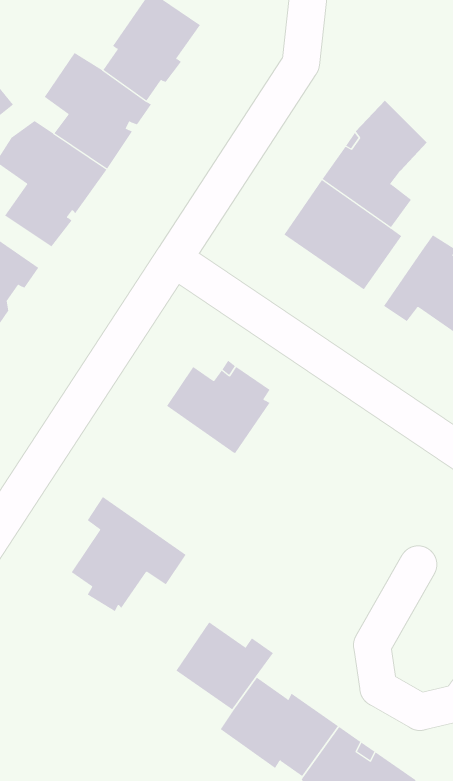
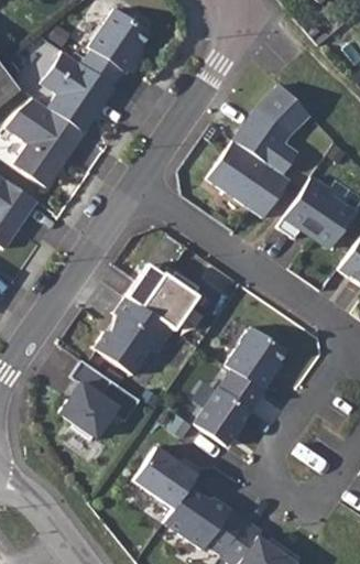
building: none -> [95,297,174,376]
building: none -> [226,327,287,392]
building: none -> [195,389,251,446]

